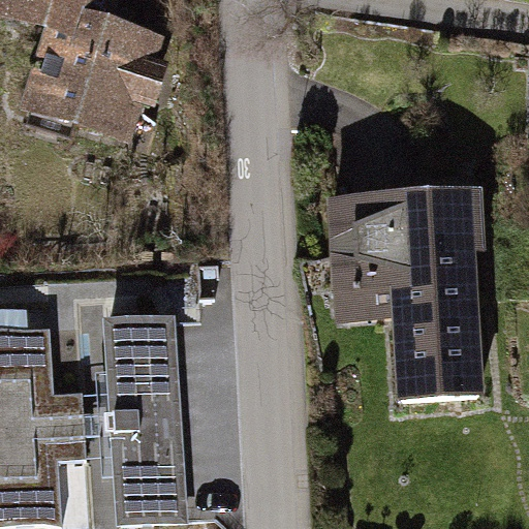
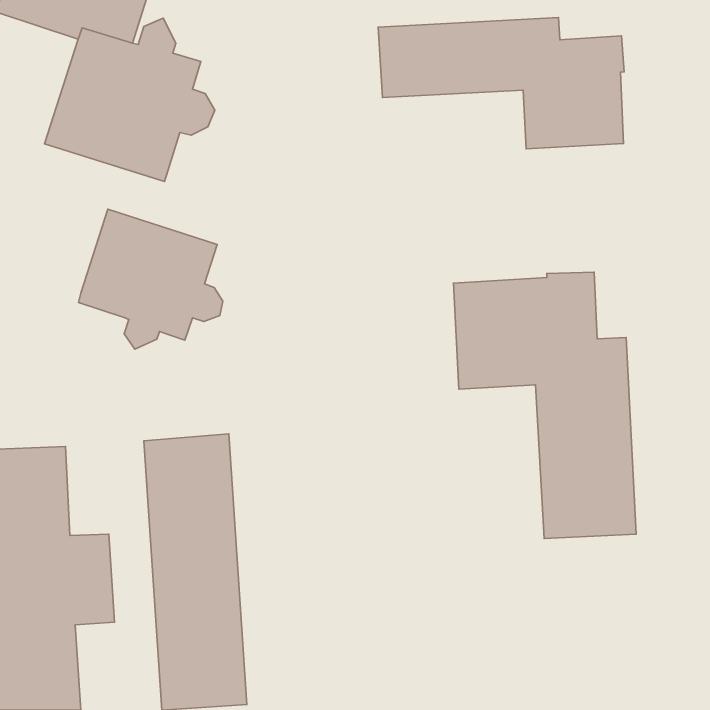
building: none -> [378,17,624,149]
building: none -> [78,209,223,349]

